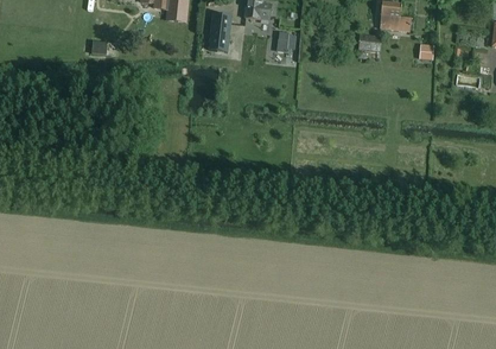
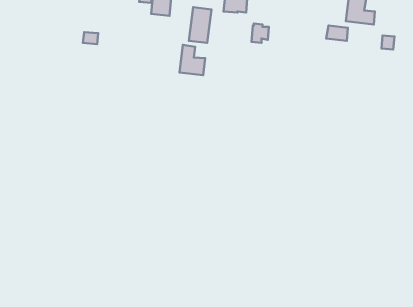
building: none -> [179,45,205,75]

